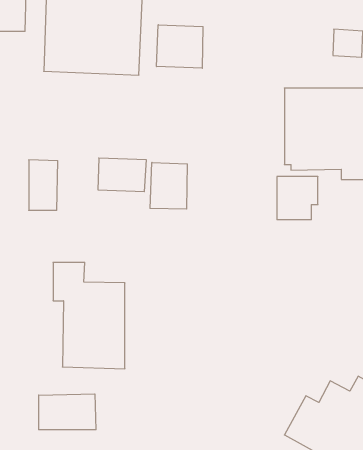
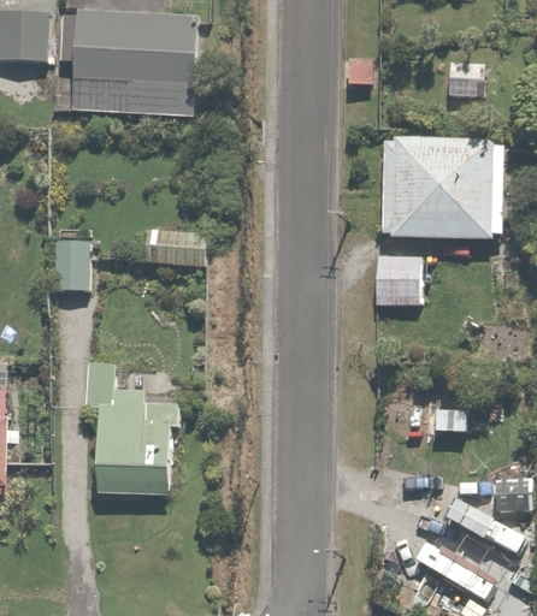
building: [157,25,203,68] -> none
building: [150,162,187,209] -> none
building: [39,394,96,430] -> none

